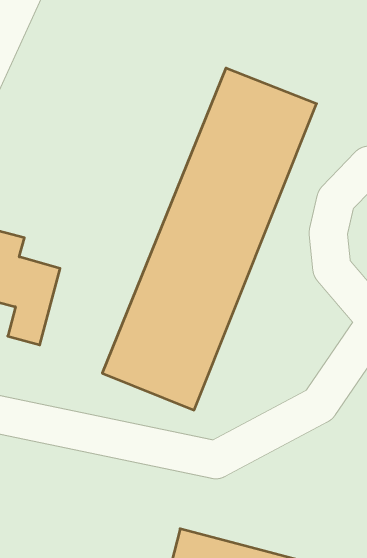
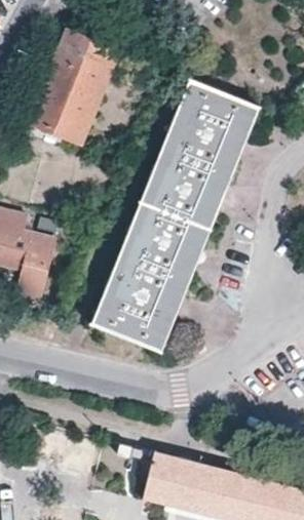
building: none -> [30,33,116,144]

